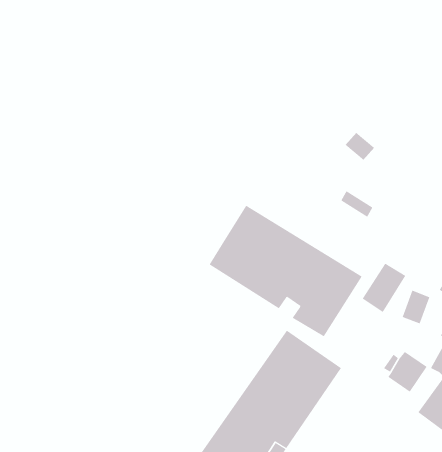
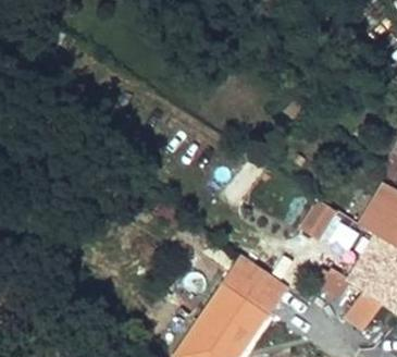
building: [209,205,362,337] -> none

